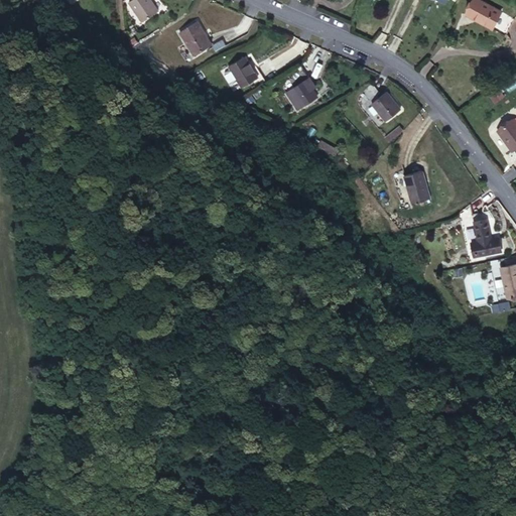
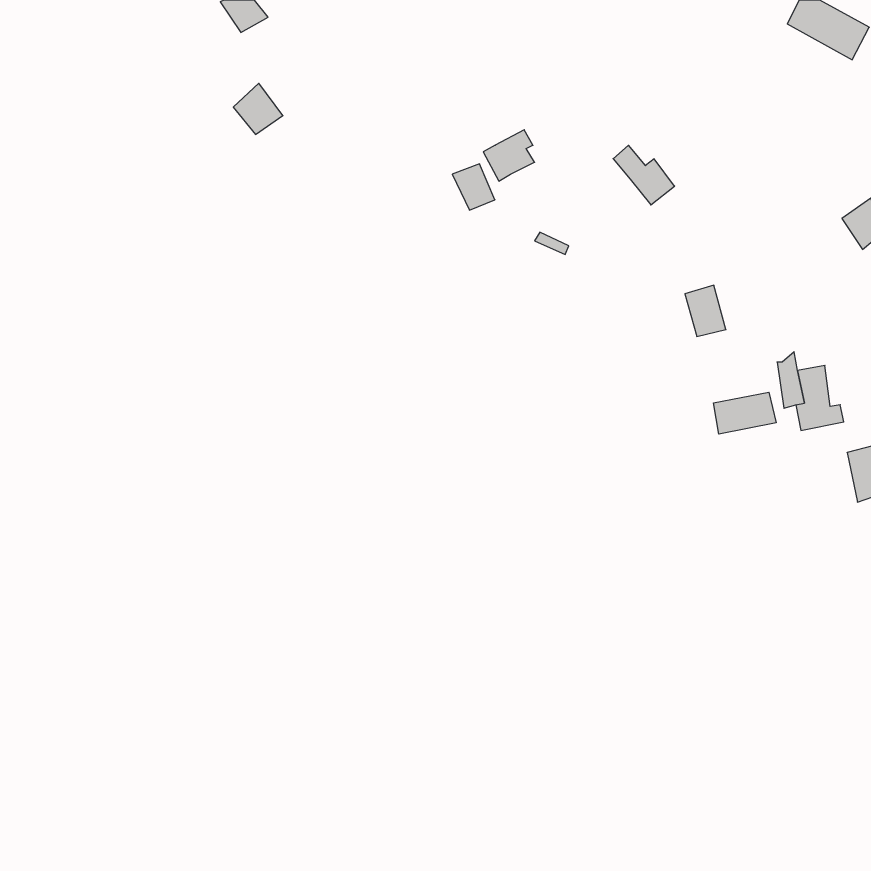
building: [182,27,212,57] -> [233,83,283,134]
building: [233,58,258,86] -> [452,164,495,210]
building: none -> [714,392,776,434]

